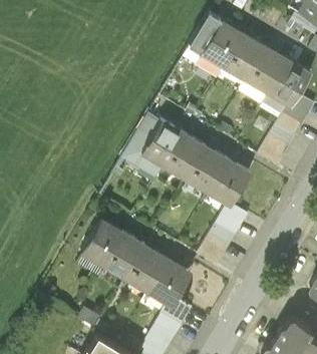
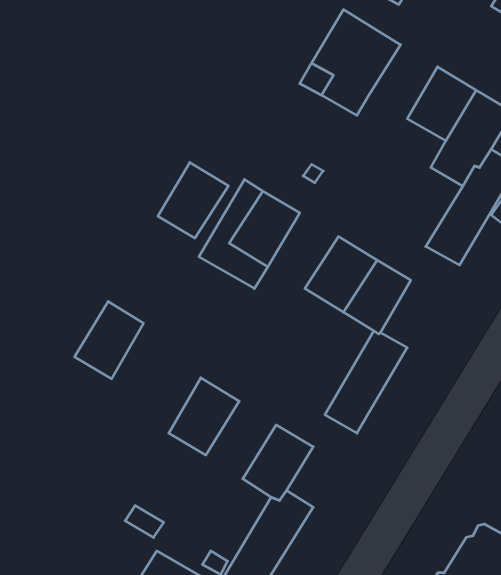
building: [225,33,266,77] -> none
building: [165,133,207,179] -> [158,162,228,238]
building: [83,219,124,265] -> [75,301,143,379]
building: [127,246,170,292] -> none

